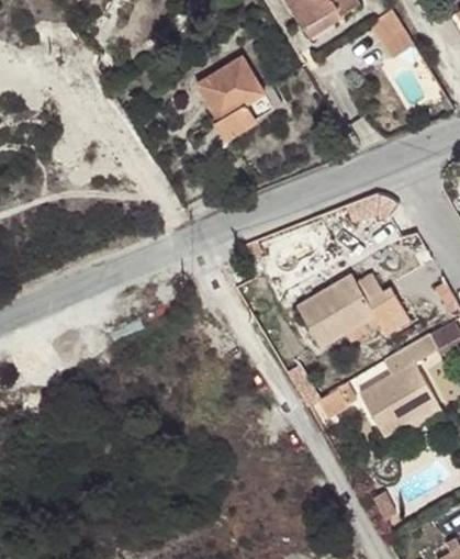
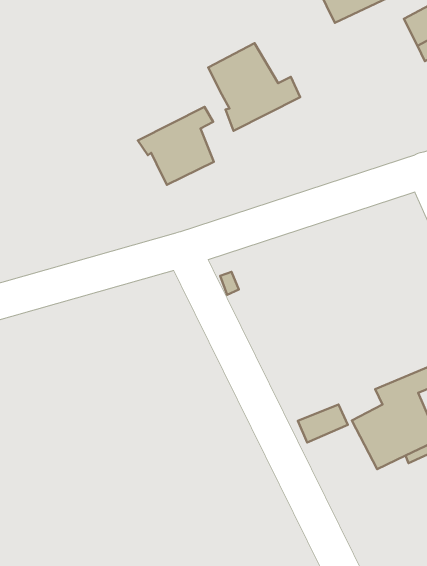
building: none -> [138,107,214,185]
building: [296,269,408,344] -> none

